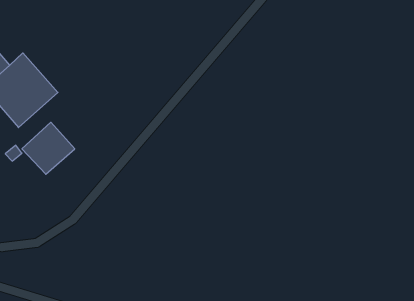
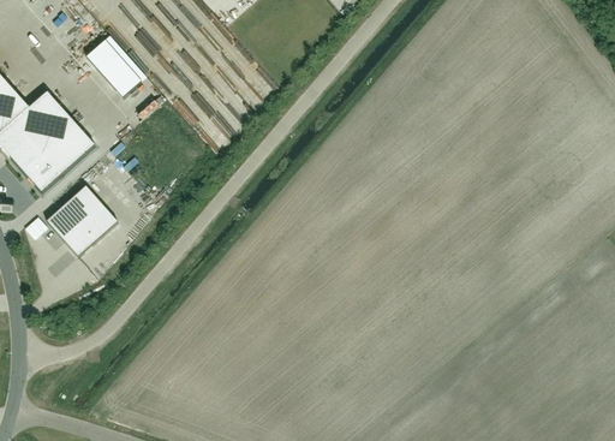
building: none -> [86,40,141,97]

